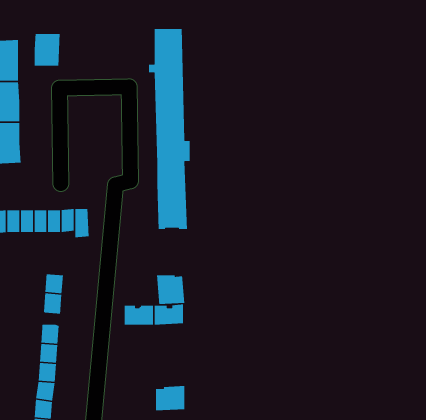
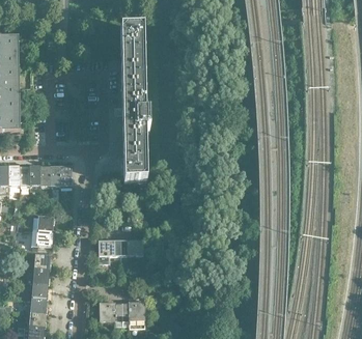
building: [34,33,60,66] -> none
building: [156,275,185,305] -> none
building: none -> [100,302,122,320]

